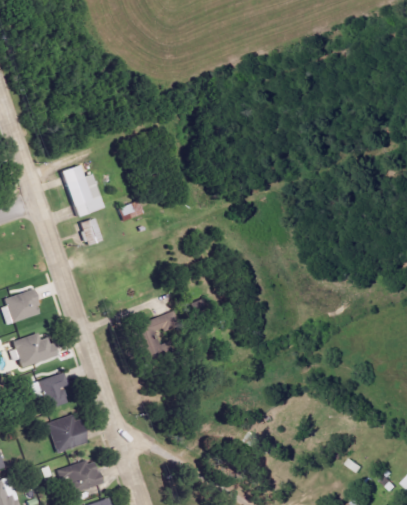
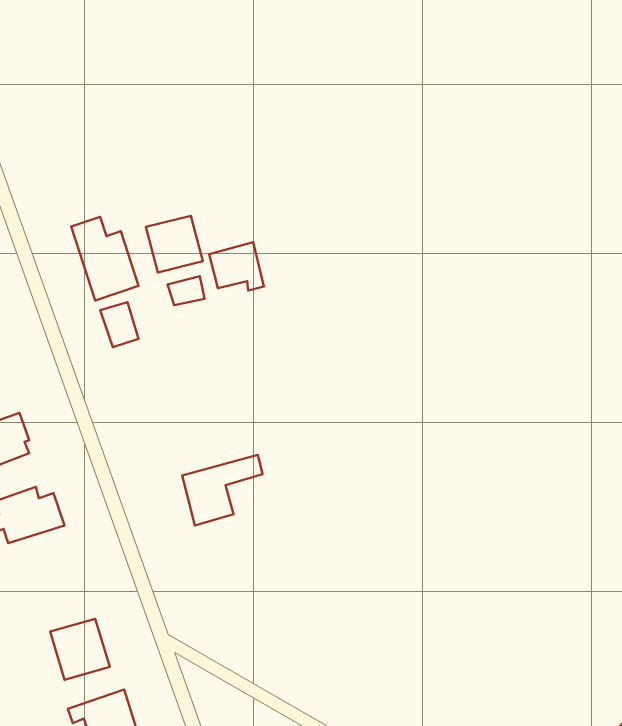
building: none -> [146,216,203,273]
building: none -> [209,242,264,290]
building: [34,370,66,409] -> none

